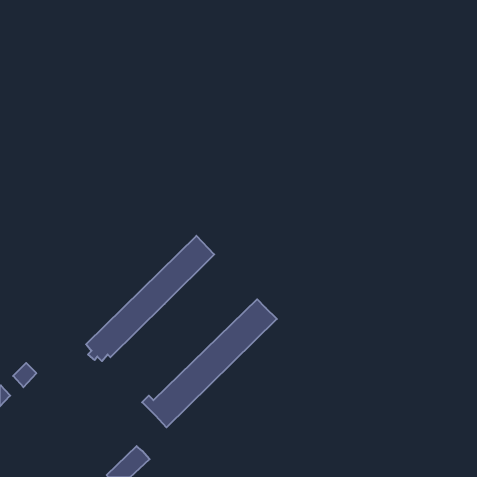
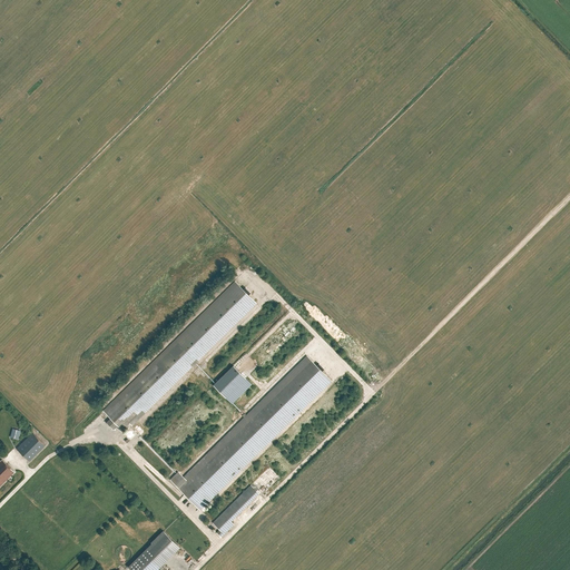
building: none -> [213,366,243,396]
building: none -> [212,484,258,535]

